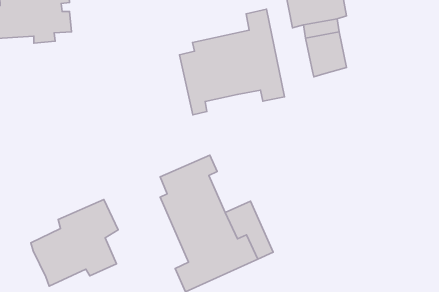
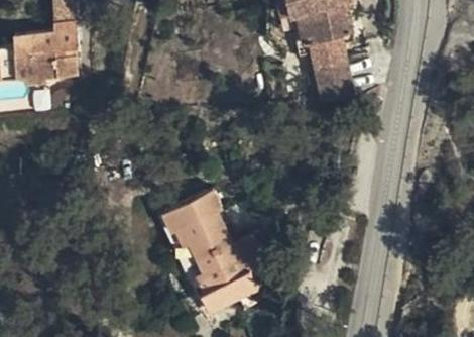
building: [180,9,284,115] -> none
building: [31,200,118,286] -> none

